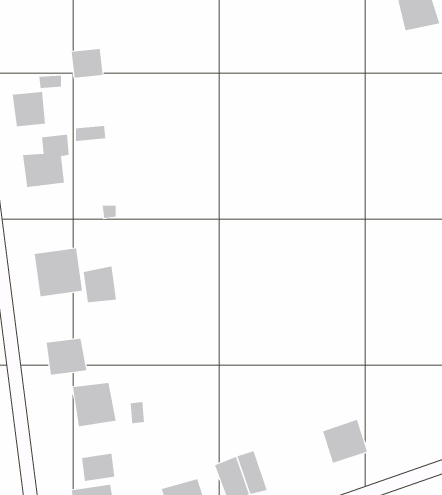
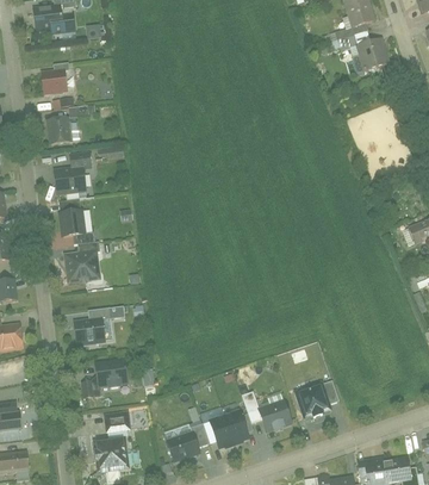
building: [71,49,103,78] -> [41,69,67,93]
building: [83,266,117,303] -> [57,205,85,235]
building: none -> [256,397,292,433]

